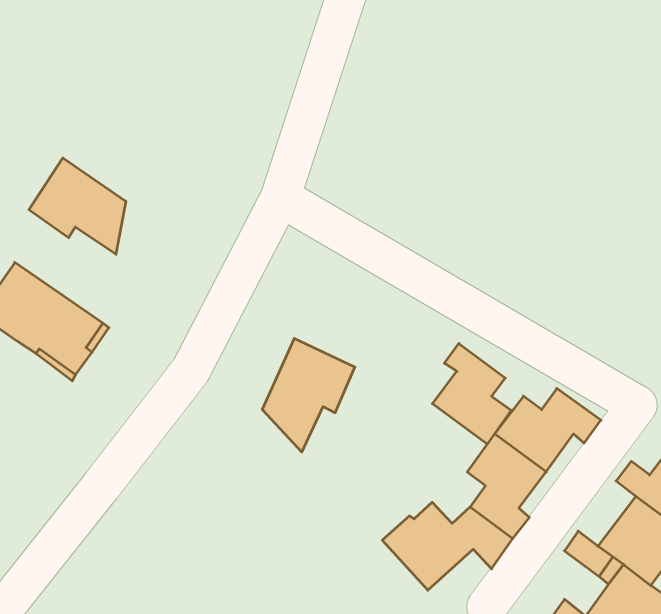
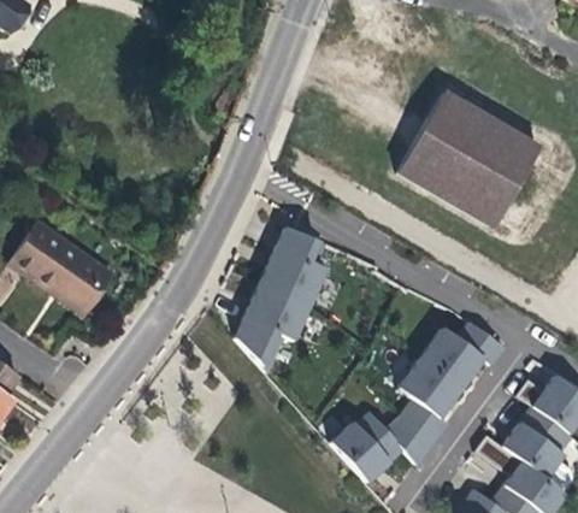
building: none -> [399,90,539,226]
building: [29,158,126,254] -> none
building: none -> [261,225,326,303]
building: [432,343,511,444] -> none

